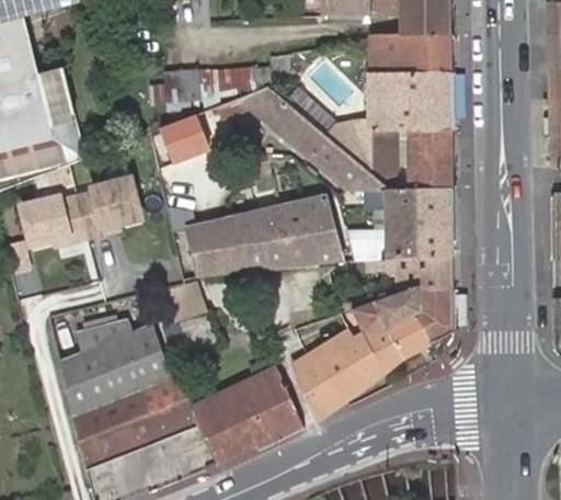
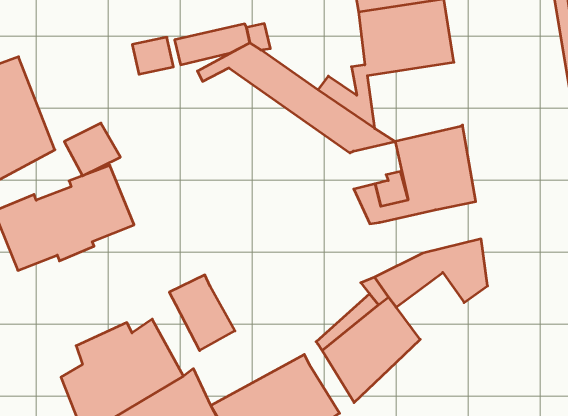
building: [160,112,208,157] -> [64,123,120,176]
building: [370,126,449,190] -> none
building: [172,198,342,281] -> none
building: [363,253,451,293] -> none
building: [367,313,428,370] -> none

